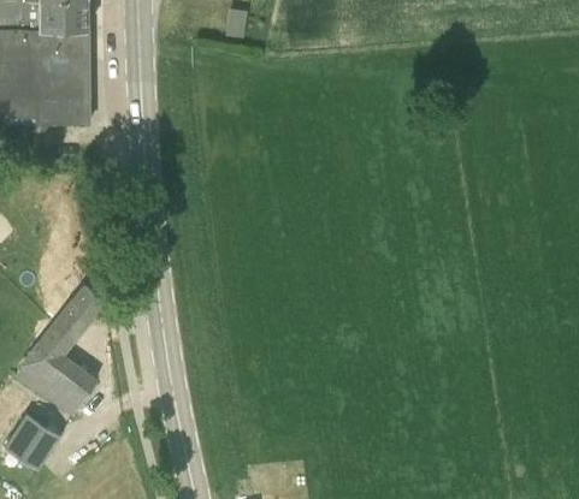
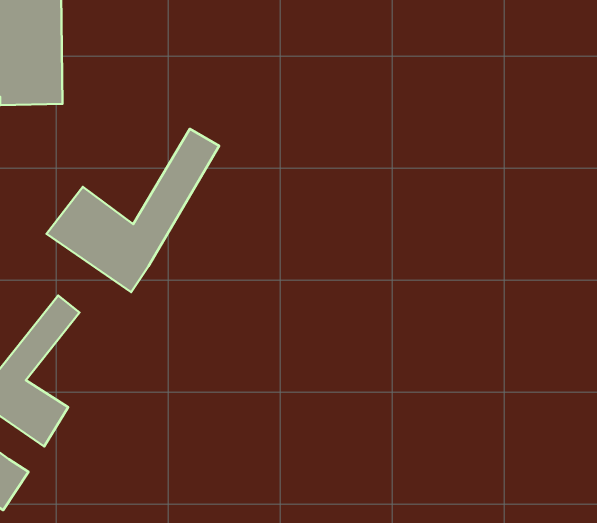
building: none -> [46,129,219,292]

